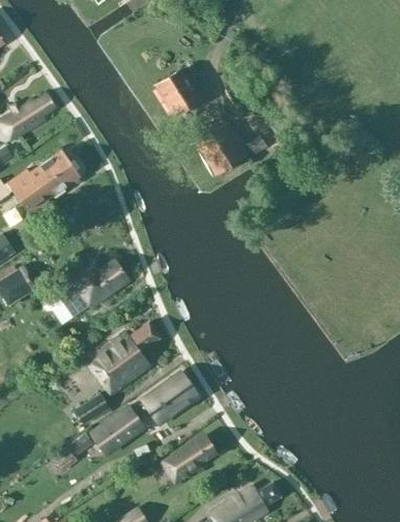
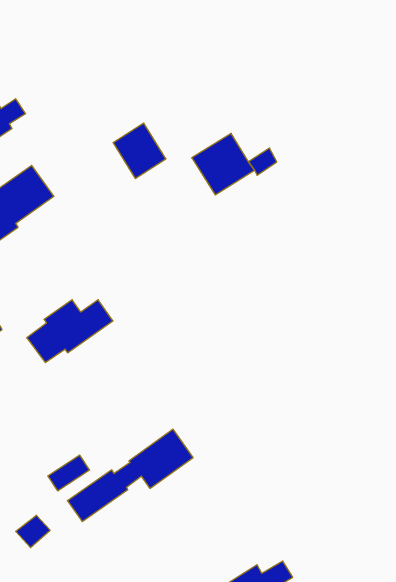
building: [155,69,200,116] -> [113,123,166,178]
building: [84,324,161,396] -> none
building: [164,437,216,483] -> none

